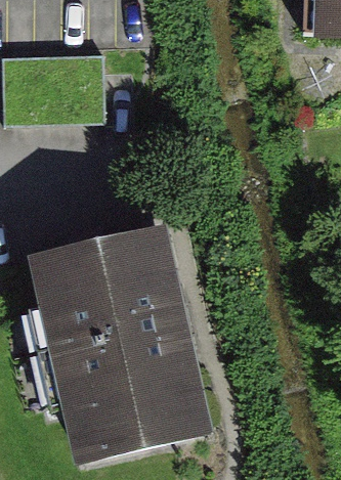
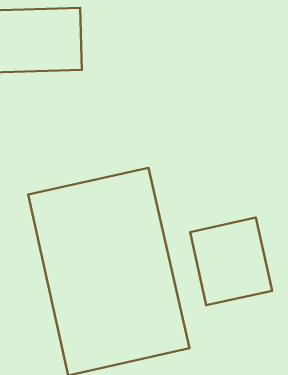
building: none -> [190,218,272,305]

